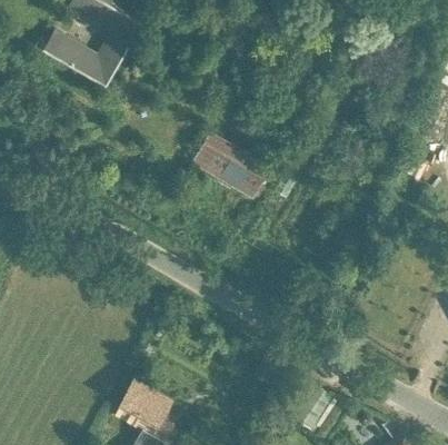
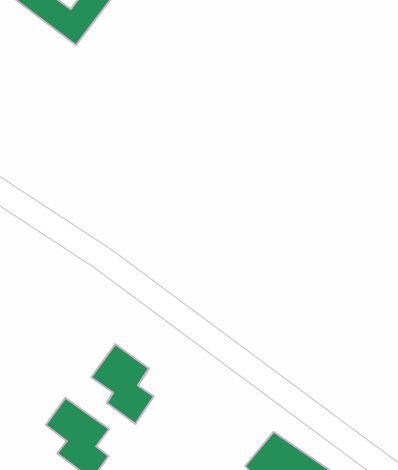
building: [191,132,271,200] -> none
building: none -> [91,344,154,424]

